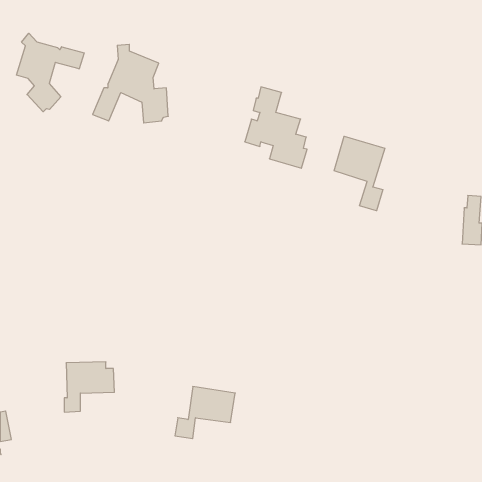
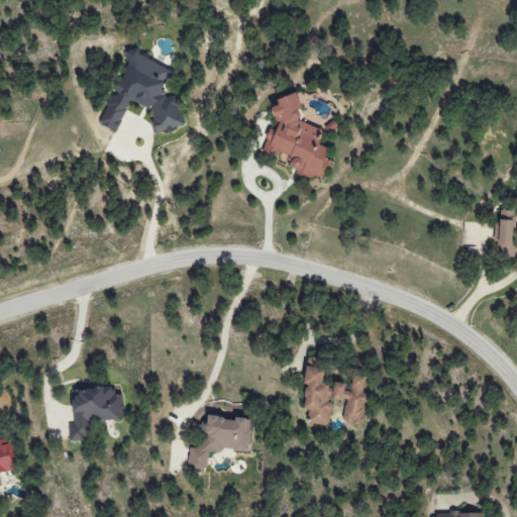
building: [17,33,84,112] -> none
building: [334,136,385,211] -> none
building: none -> [305,356,367,424]

